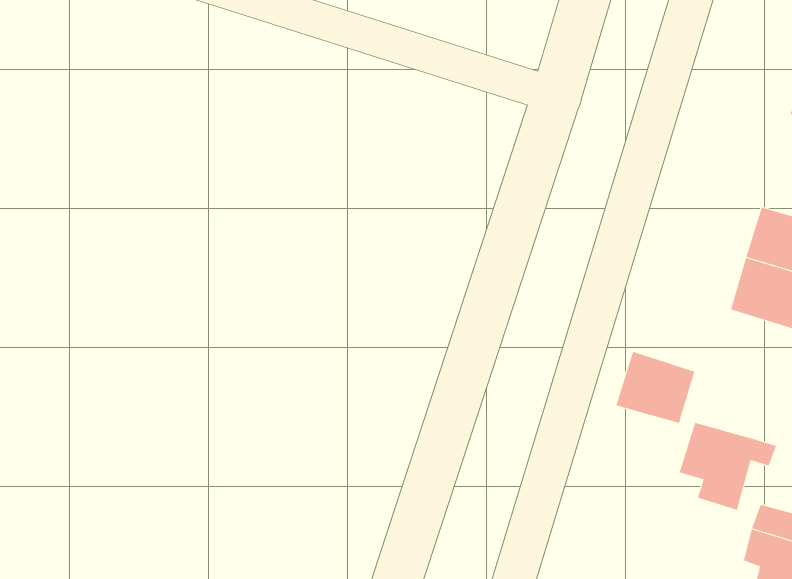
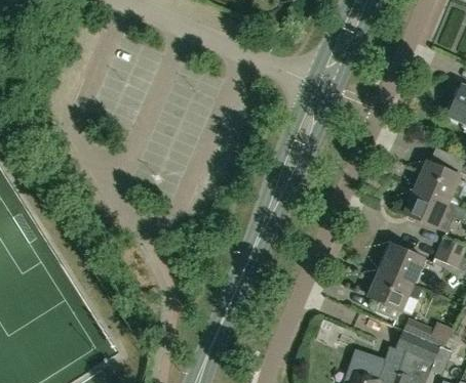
building: [615,351,695,424] -> [379,243,423,284]

